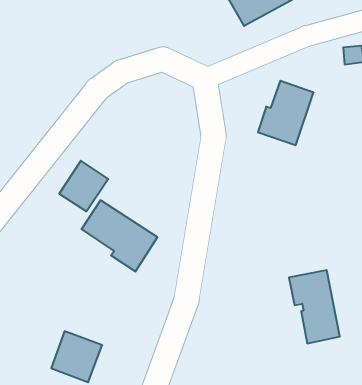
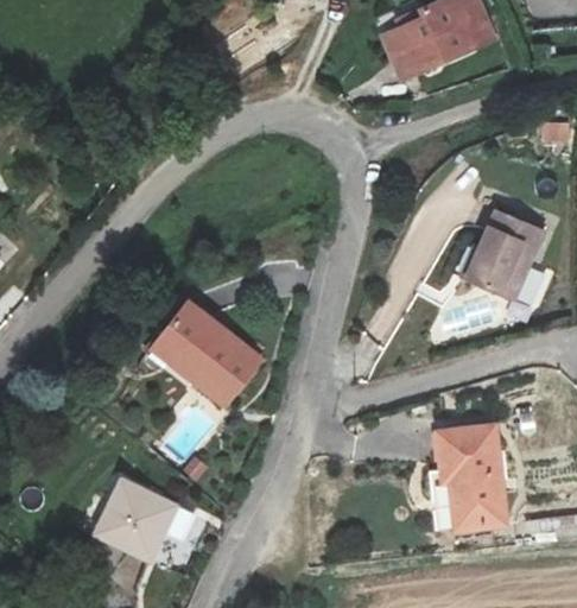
building: [258,81,314,145] -> [461,208,543,299]
building: [59,161,108,211] -> none

